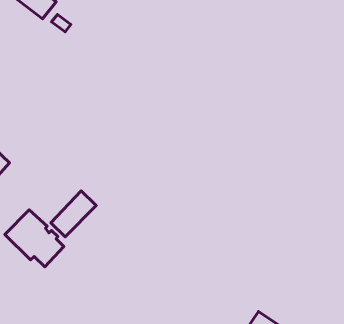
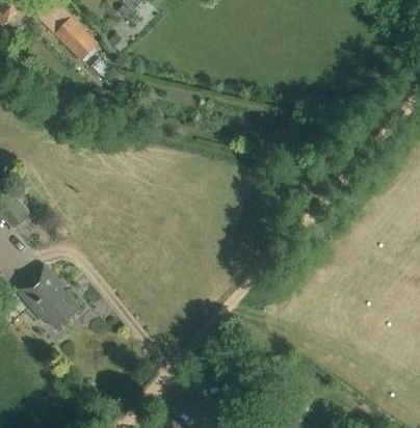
building: [51,191,96,237] -> none

